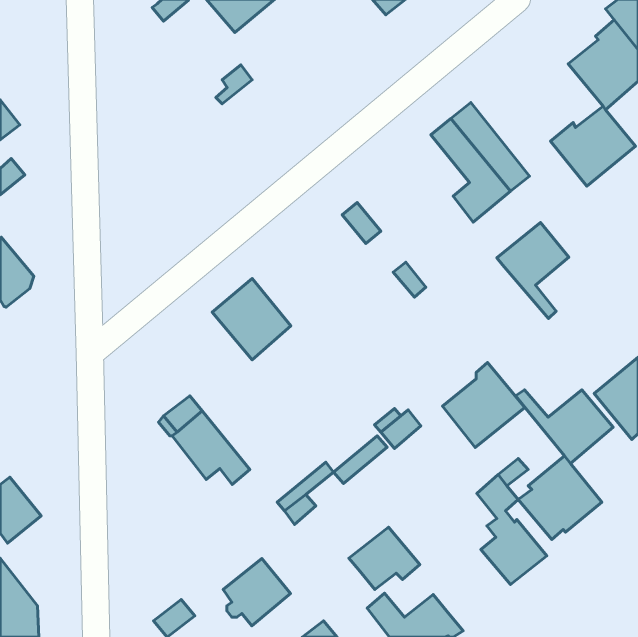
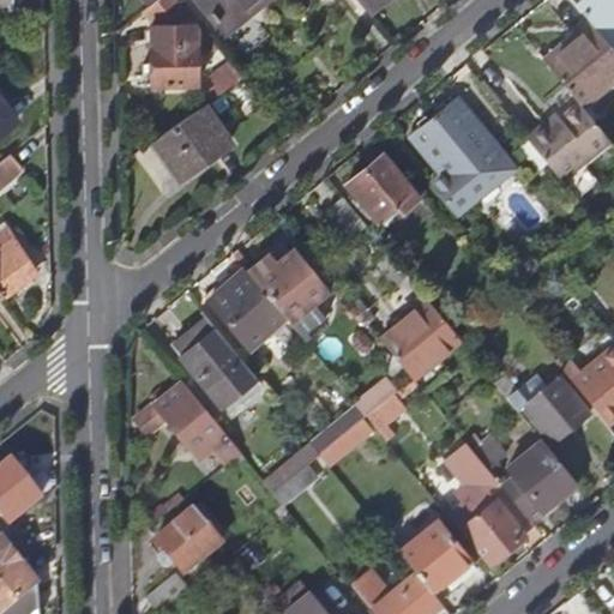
building: none -> [150,23,199,84]
building: none -> [152,112,229,186]
building: none -> [345,150,420,222]
building: [497,223,569,319] -> none
building: none -> [248,247,327,338]
building: none -> [173,315,257,404]
building: [443,362,525,447] -> [381,295,460,377]
building: [349,527,420,589] -> [407,530,475,590]
building: [223,558,291,626] -> [155,511,219,576]

